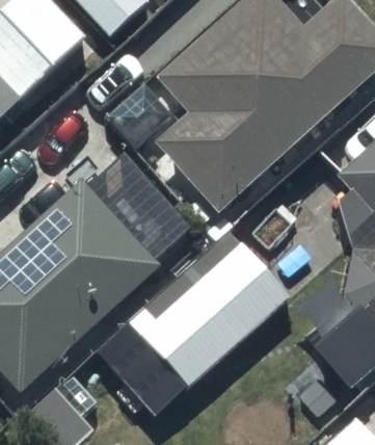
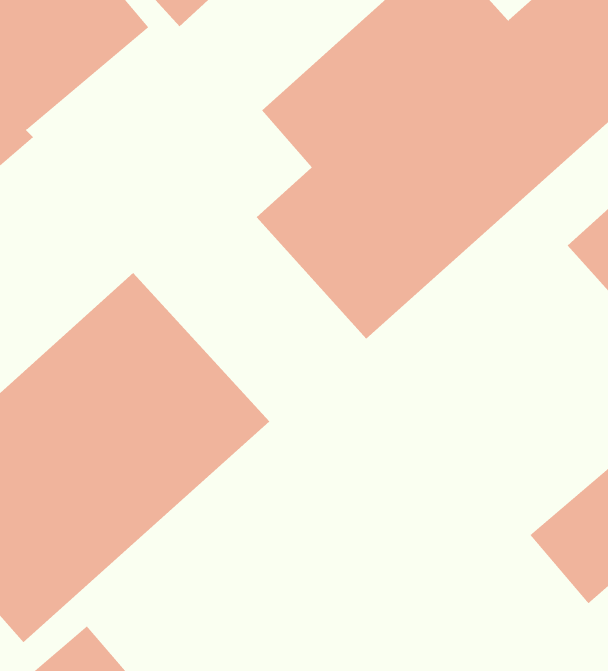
building: [127,242,289,389] -> none

